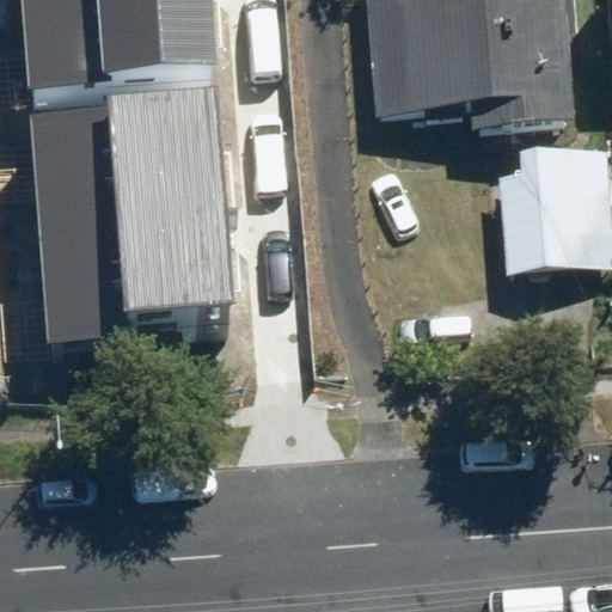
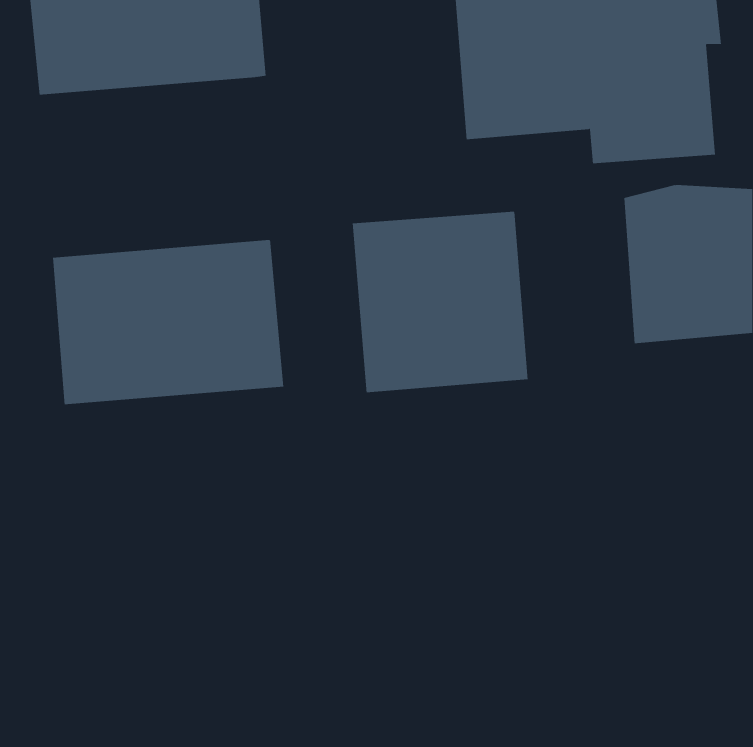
building: [31,62,216,207] -> none
building: none -> [352,211,528,393]

